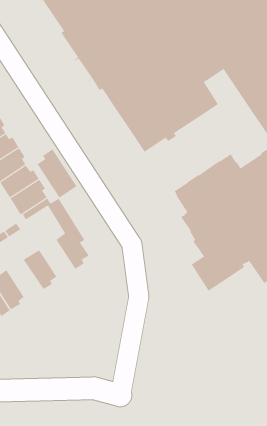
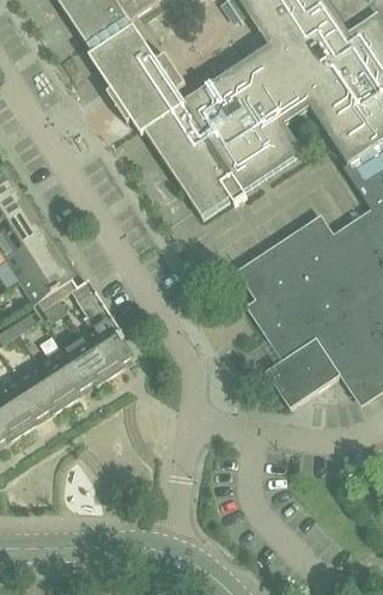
building: [37,149,77,198] -> none
building: none -> [61,338,109,388]
building: none -> [17,365,66,415]

